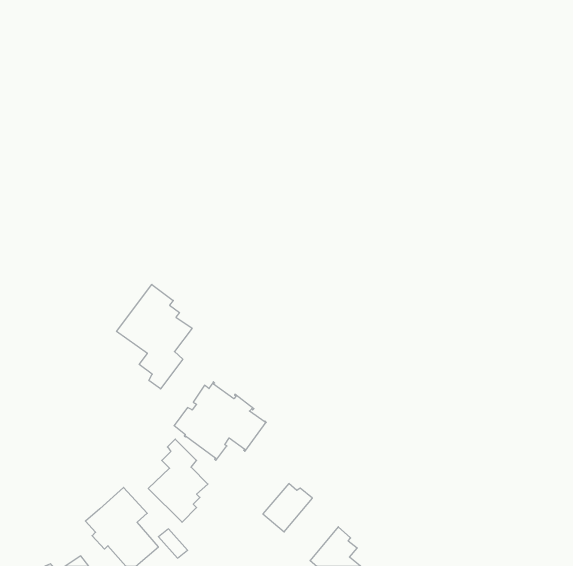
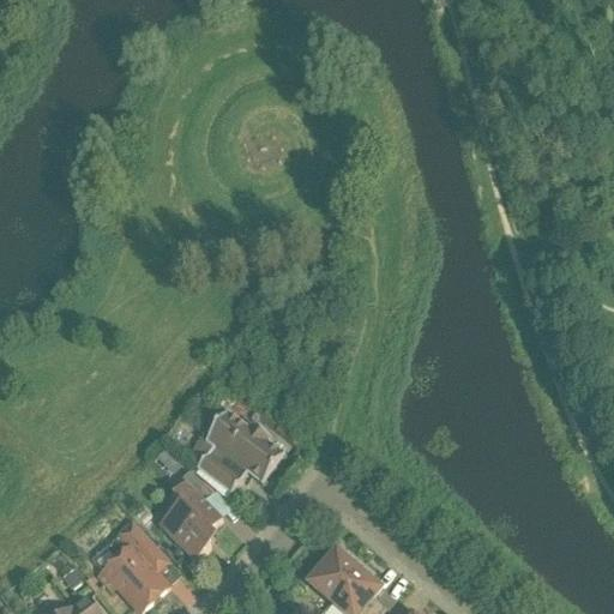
building: [117,284,192,389] -> none
building: [263,484,312,532] -> [308,547,361,598]

